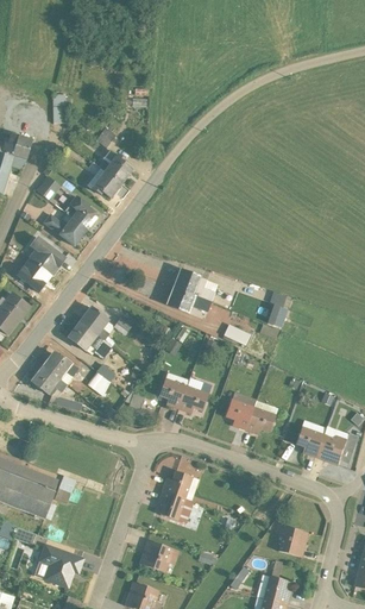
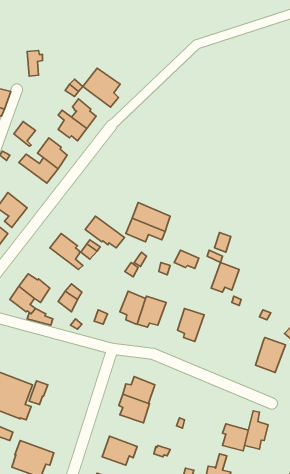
building: none -> [83,68,120,107]
building: [29,236,64,275] -> none
building: [65,321,111,358] -> [85,216,124,248]
building: [245,400,277,434] -> [211,262,239,292]
building: [295,420,325,457] -> none
building: none -> [244,411,268,449]

